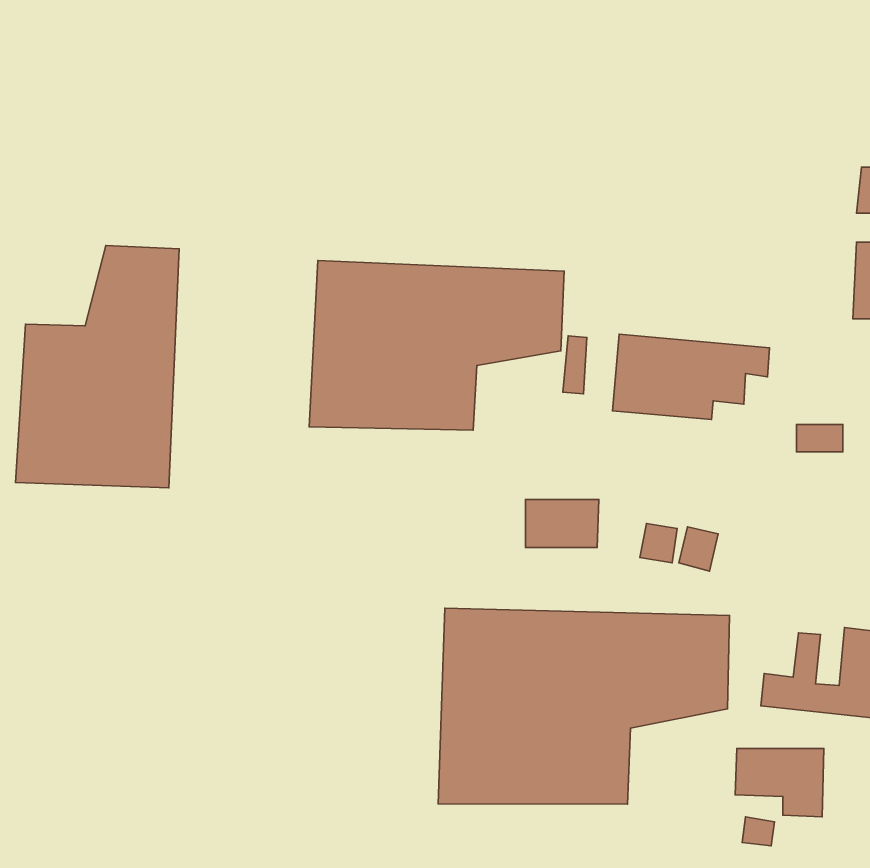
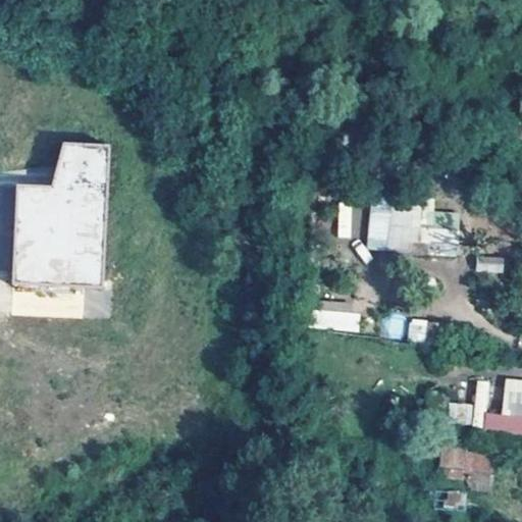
building: [309,261,564,430] -> none
building: [438,608,729,804] -> none

